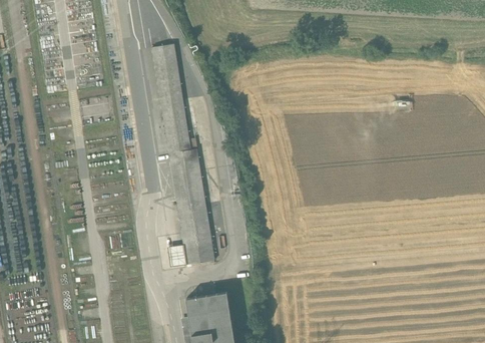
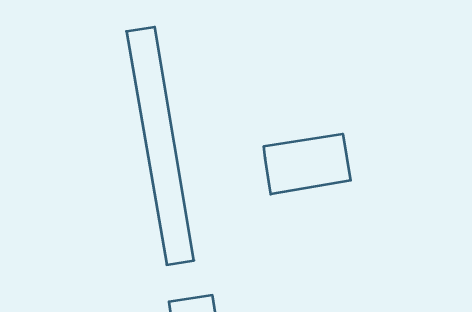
building: none -> [264,134,351,194]

